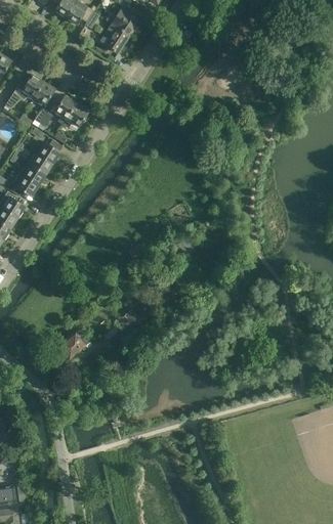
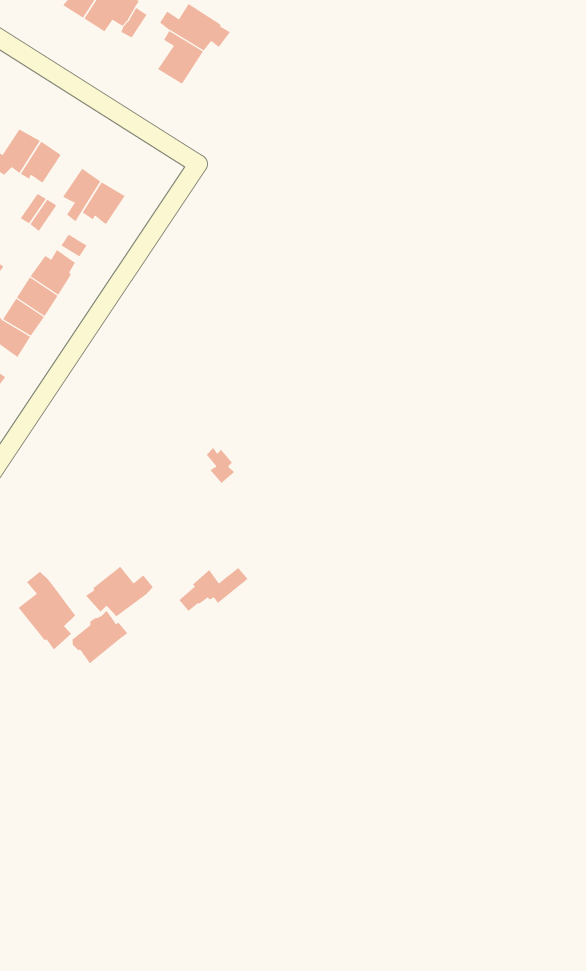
building: none -> [85,566,153,617]
building: none -> [18,571,76,650]

